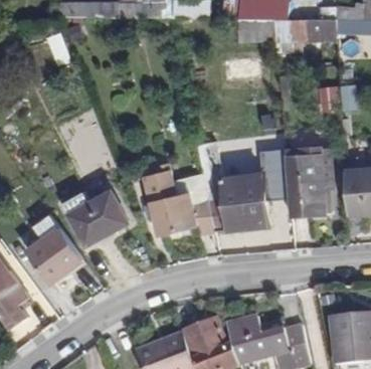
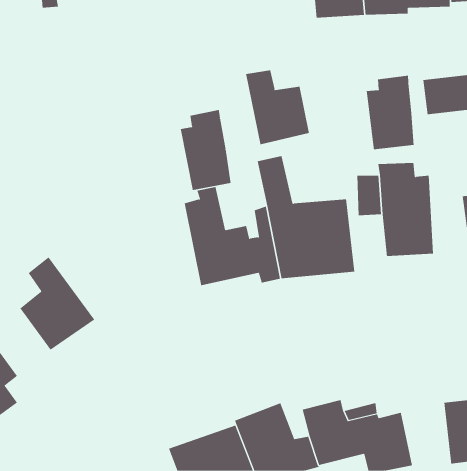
building: none -> [246,69,309,145]
building: none -> [366,75,414,150]
building: none -> [180,109,231,191]
building: [63,191,129,245] -> none

